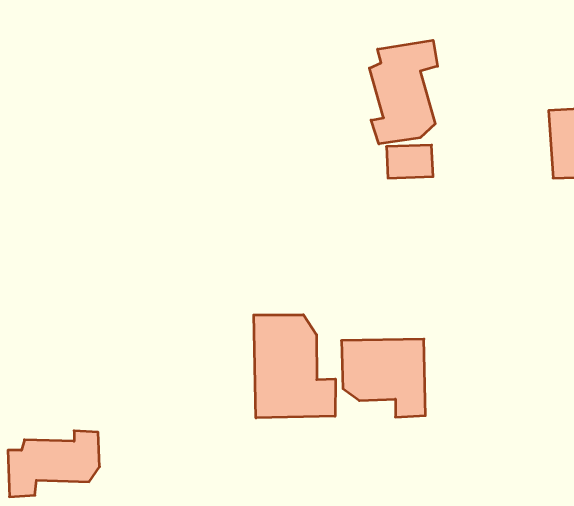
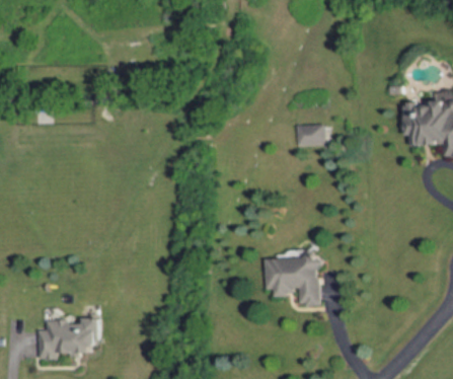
building: [369,40,438,144] -> none
building: [254,315,335,418] -> none

